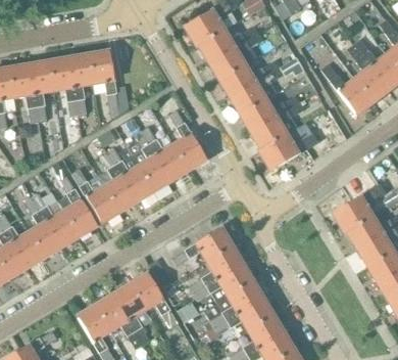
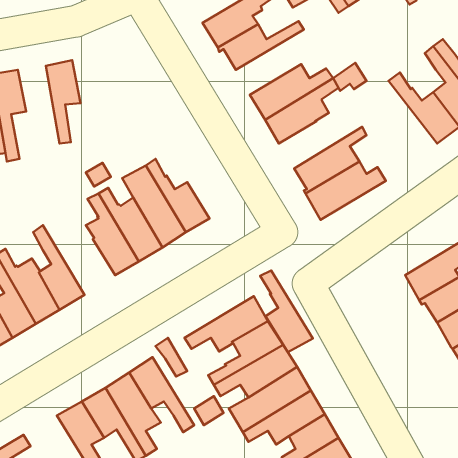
building: [208,31,263,79] -> none
building: [88,50,129,118] -> none
building: [48,57,79,117] -> none
building: [240,94,301,133] -> none
building: [168,109,207,170] -> [260,270,313,352]
building: [71,168,119,223] -> none

